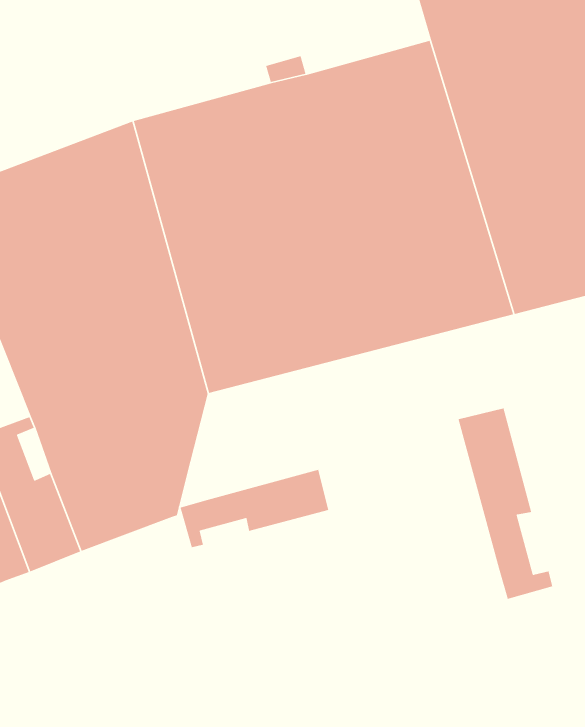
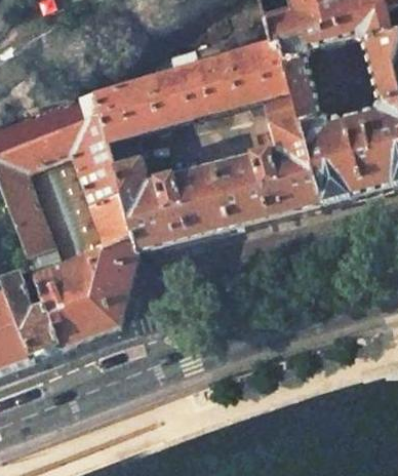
building: [458,408,553,600] -> none
building: [180,469,329,548] -> none

